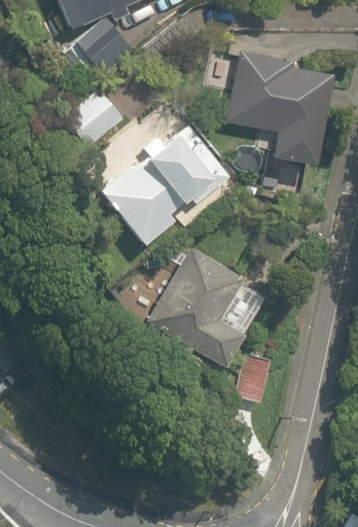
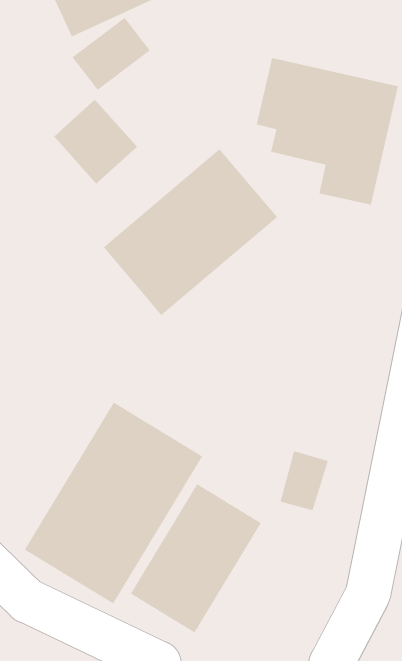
building: [121,245,270,367] -> none
building: none -> [24,402,203,605]
building: none -> [130,483,262,633]

